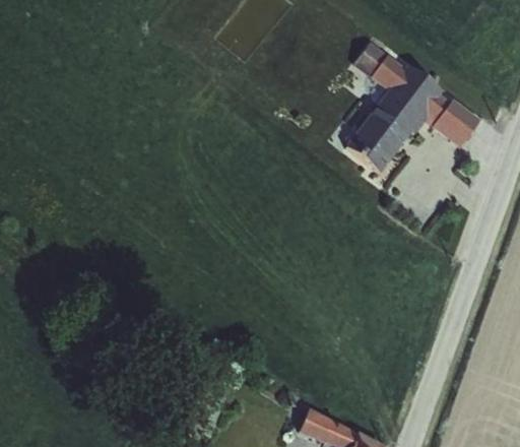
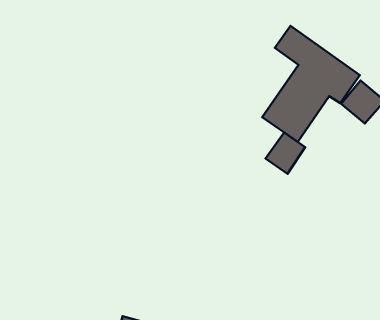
building: none -> [266,132,305,174]

